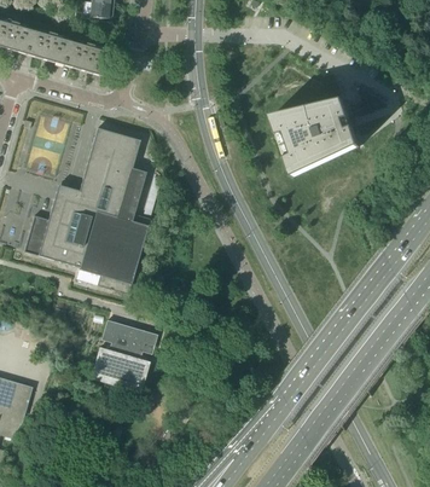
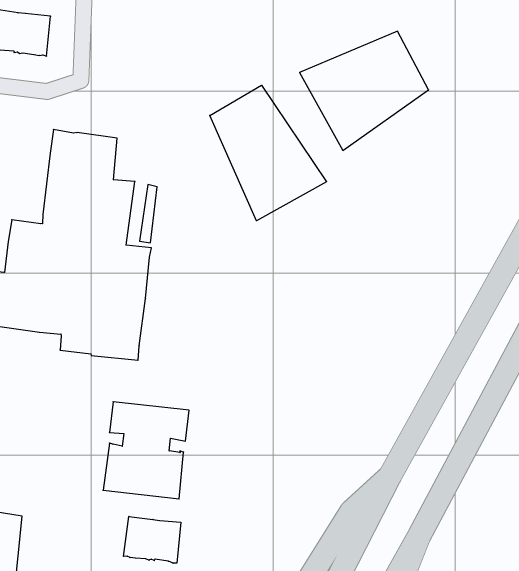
building: none -> [210,85,327,221]
building: none -> [123,516,181,563]

